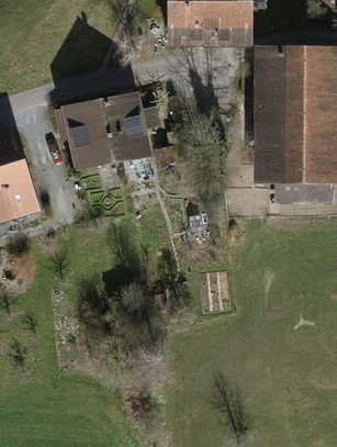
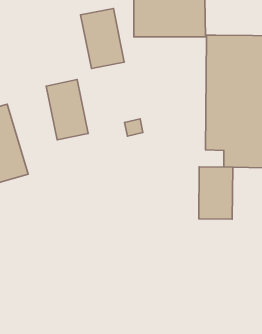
building: [98,90,150,163] -> [81,8,124,68]
building: none -> [199,167,233,219]

